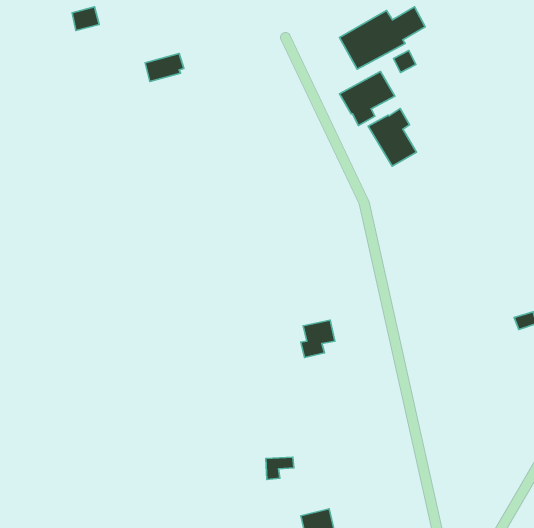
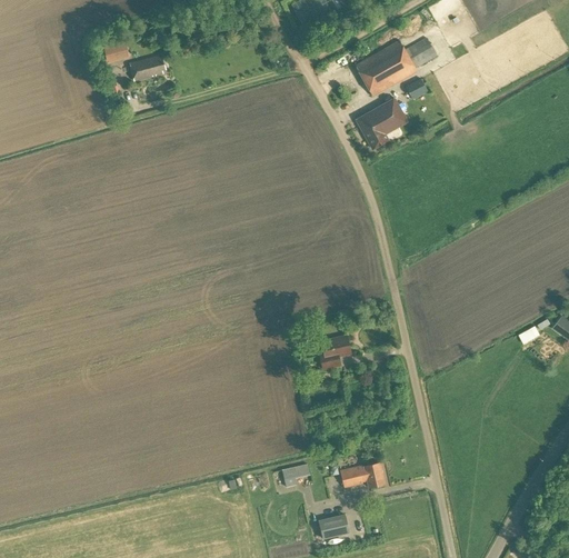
building: [145,53,184,81] -> [130,56,167,82]
building: [368,109,417,166] -> none
building: none -> [340,462,386,488]

